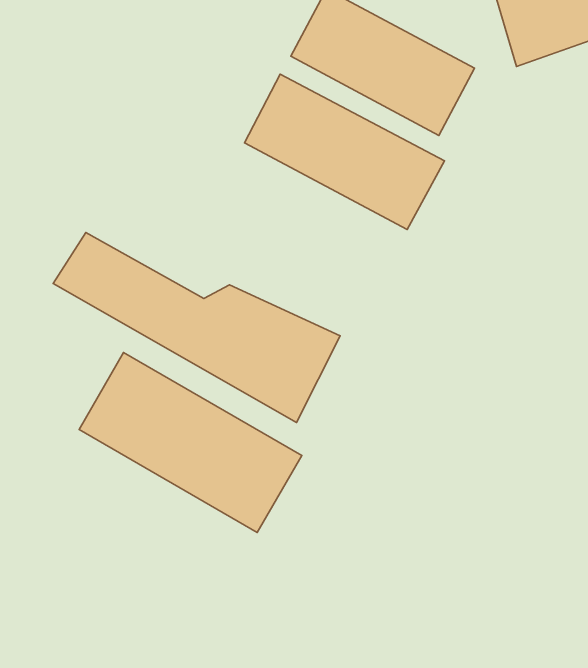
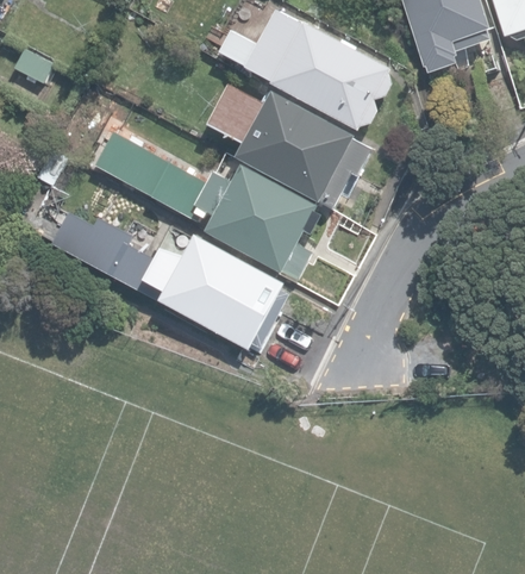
building: none -> [101,125,323,277]
building: [79,353,302,532] -> none

